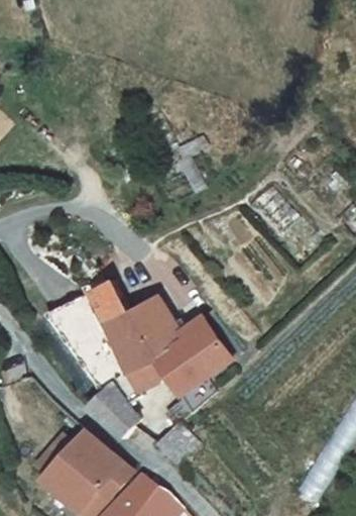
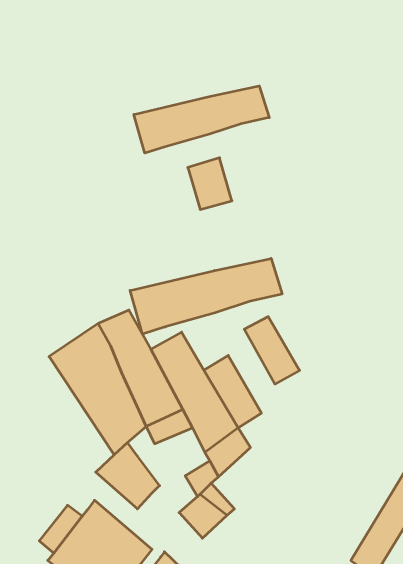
building: none -> [134,86,269,153]
building: none -> [130,258,282,334]
building: none -> [244,317,300,384]

